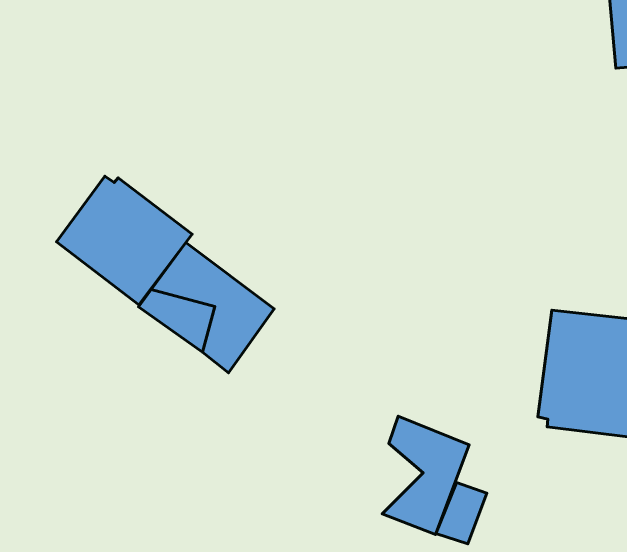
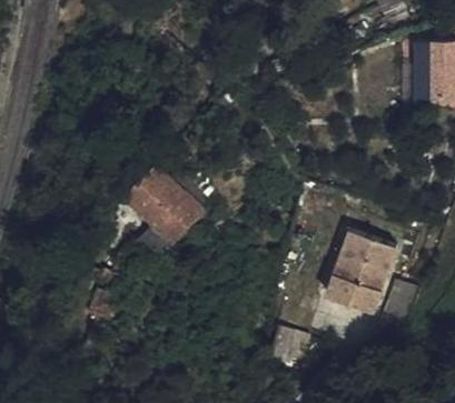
building: [57,176,192,305] -> none
building: [382,416,469,534] -> none

